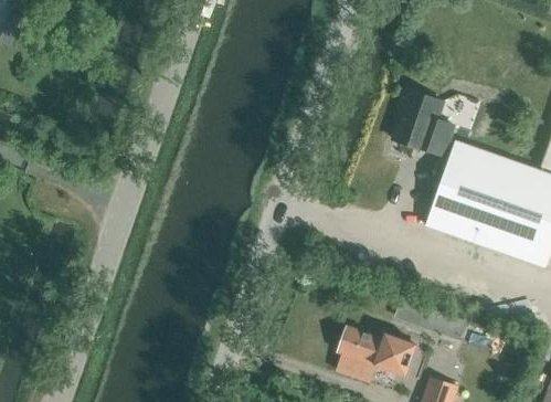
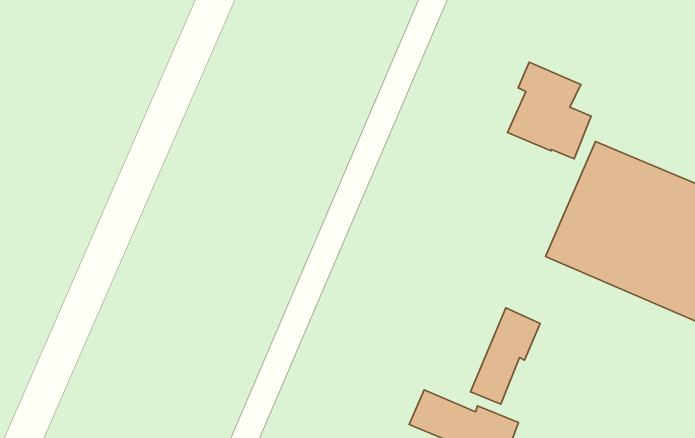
building: none -> [471,308,540,404]

